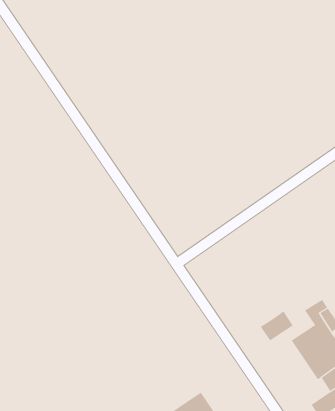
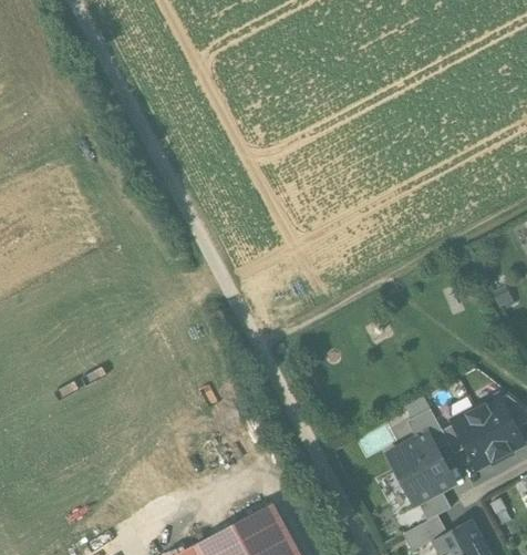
building: [260,310,294,341] -> none

